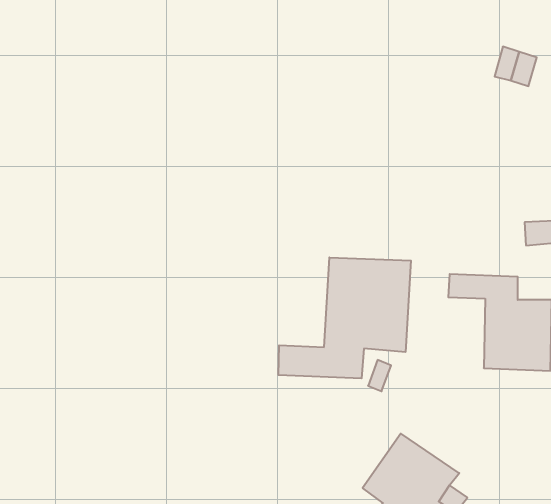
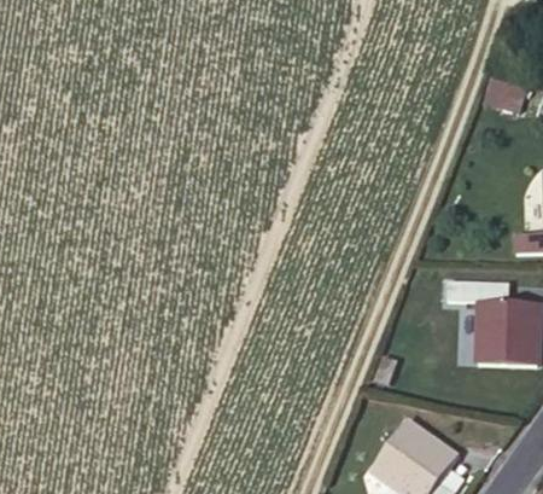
building: [278,257,411,378] -> none

